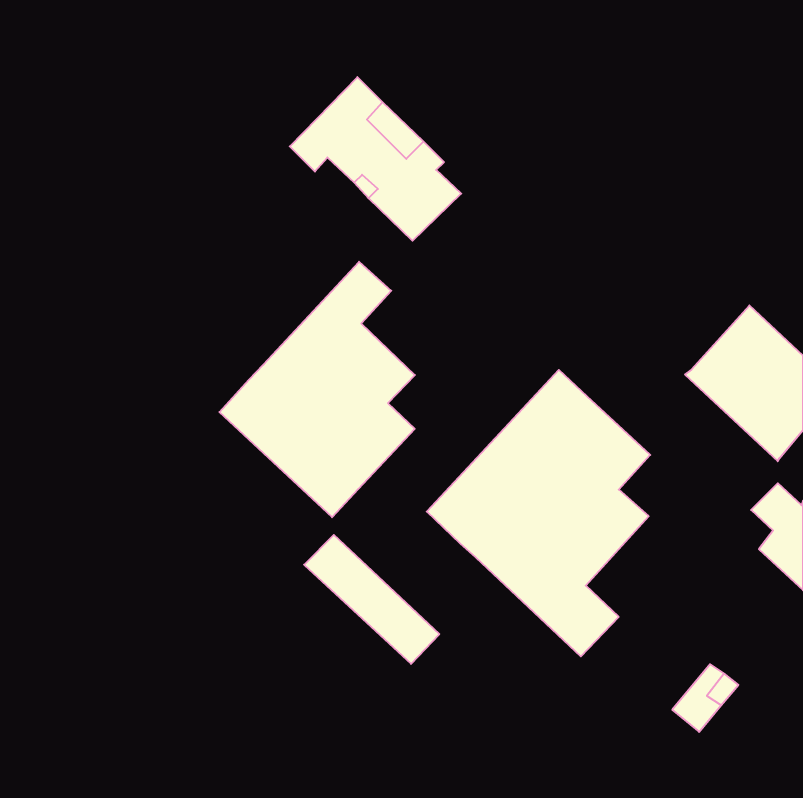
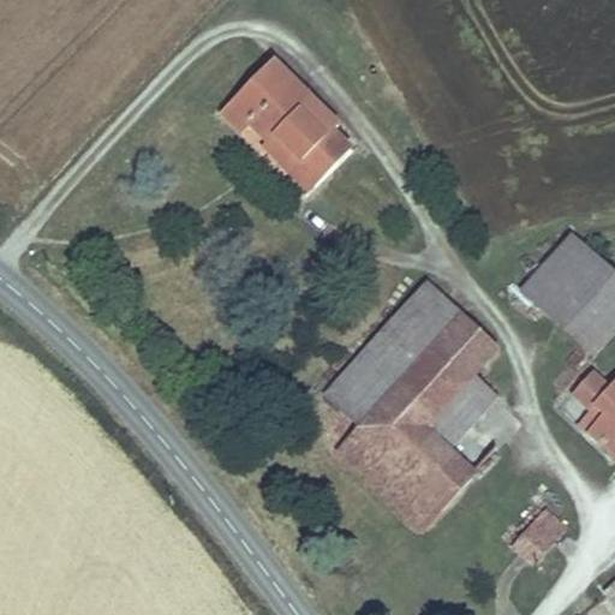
building: [219,262,415,517] -> none
building: [304,535,439,664] -> [340,425,443,524]

